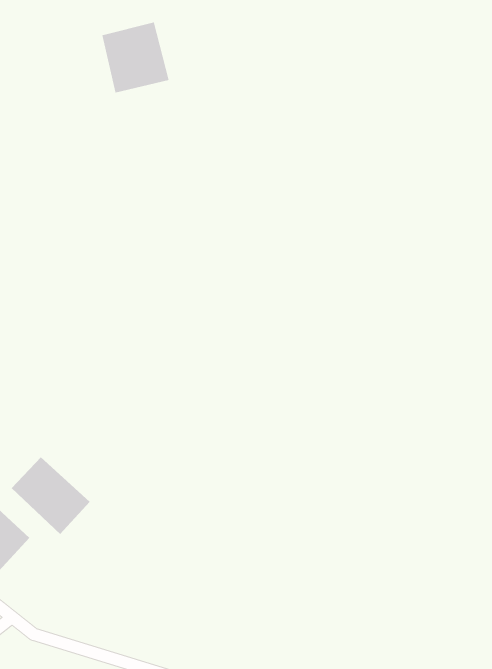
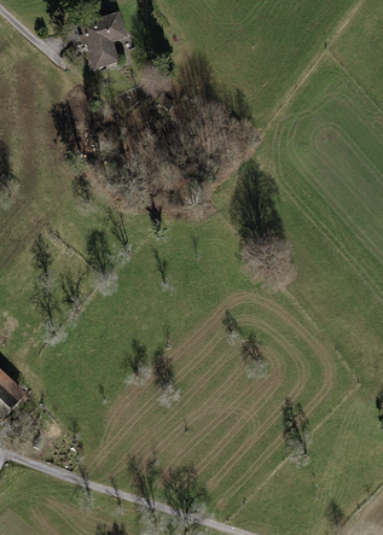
building: [11,457,91,535] -> none

